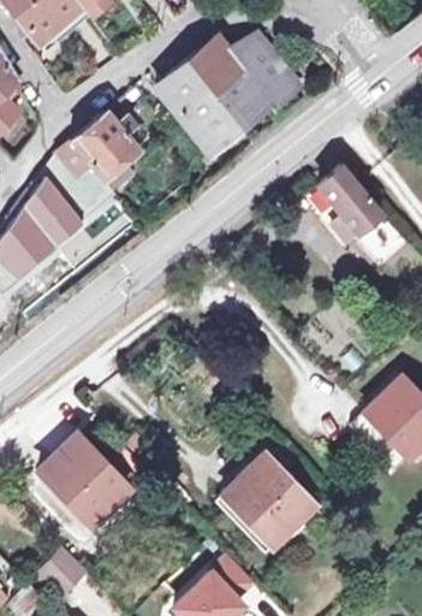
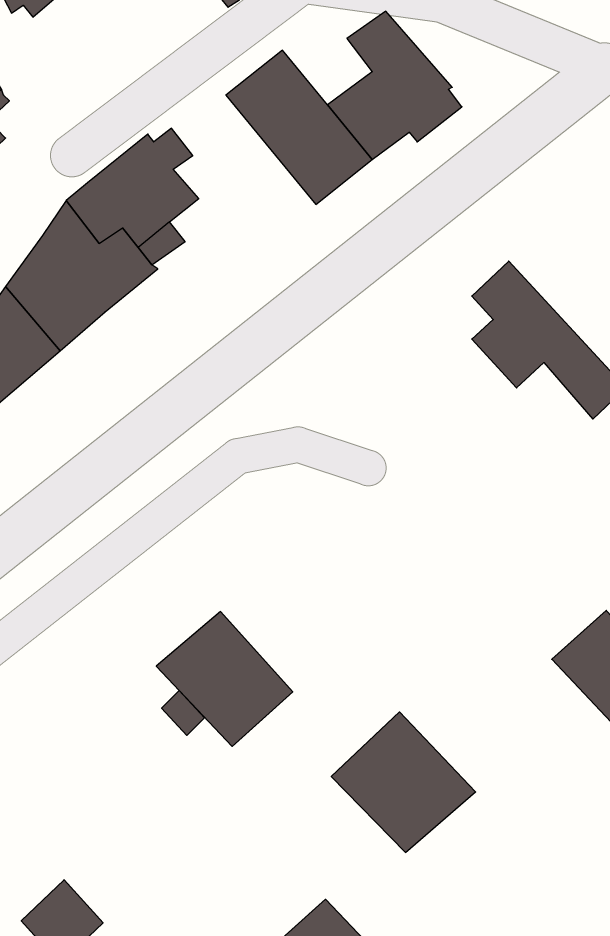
building: [195,28,250,83] -> none
building: [43,437,127,520] -> [156,612,293,746]

